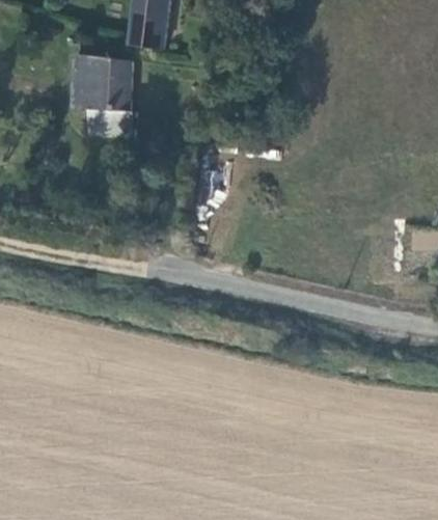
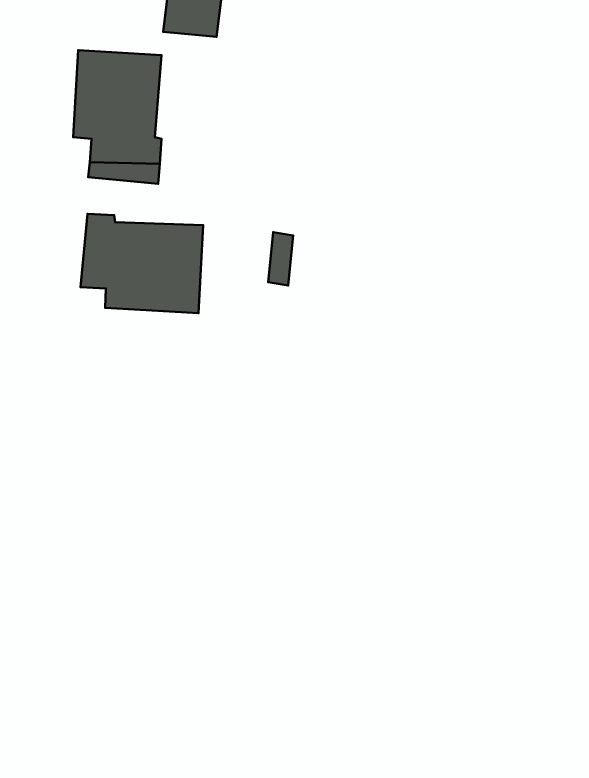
building: none -> [81,214,203,313]

